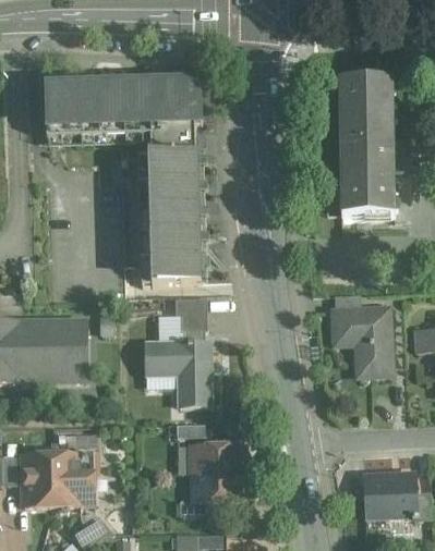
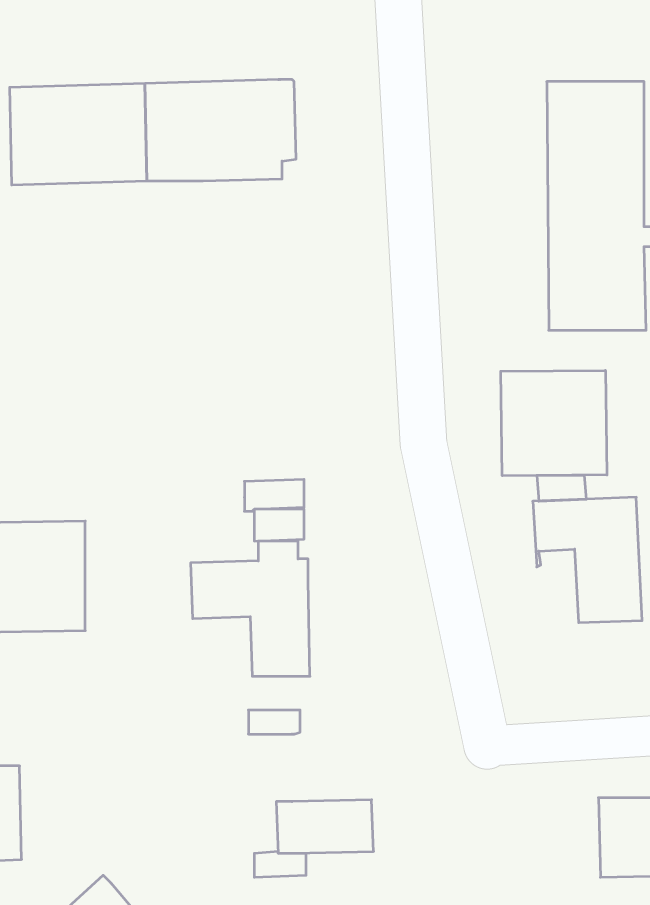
building: [137,132,200,280] -> none
building: none -> [501,370,607,476]
building: [191,443,243,473] -> none
building: [51,452,94,504] -> none

